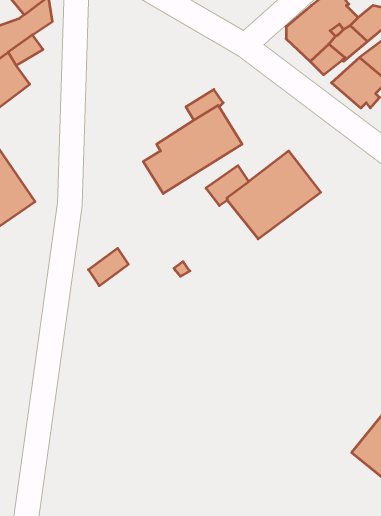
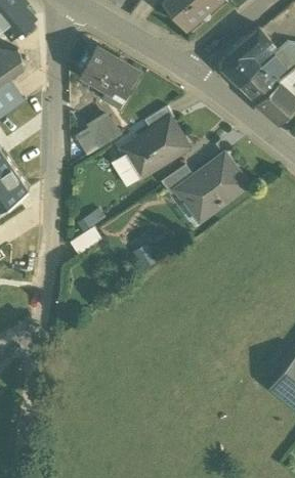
building: none -> [78,46,139,94]
building: none -> [78,113,126,155]

